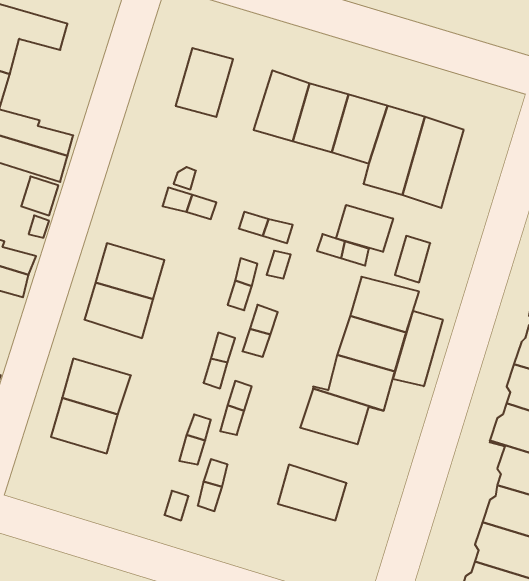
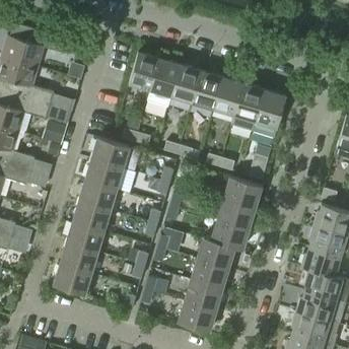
building: none -> [147,58,182,108]
building: none -> [91,136,130,167]
building: [336,205,393,252] -> none
building: [393,311,443,386] -> none
building: none -> [73,200,111,230]
building: none -> [191,259,228,289]
building: none -> [54,264,91,294]
building: none -> [179,300,216,332]

